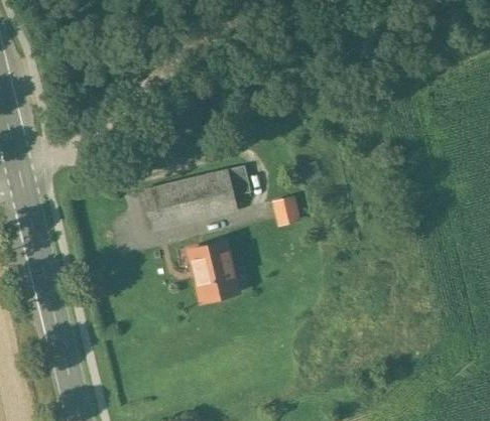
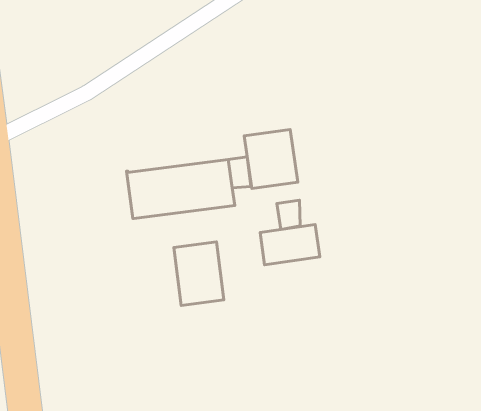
building: none -> [244,129,298,189]
building: none -> [260,225,320,265]

